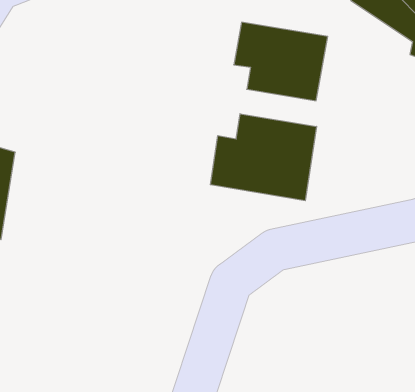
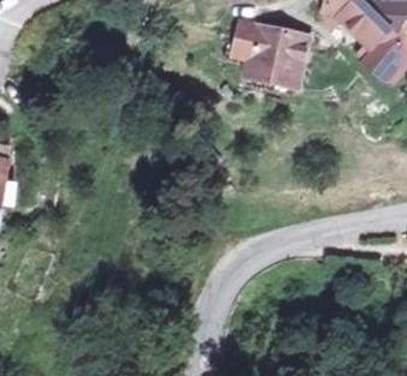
building: [210,114,317,201] -> none

